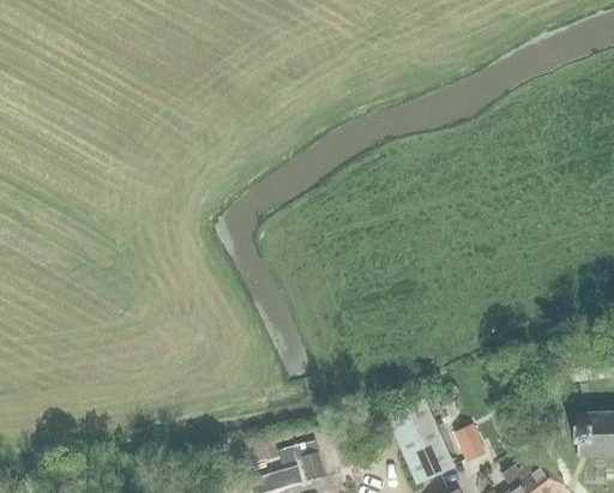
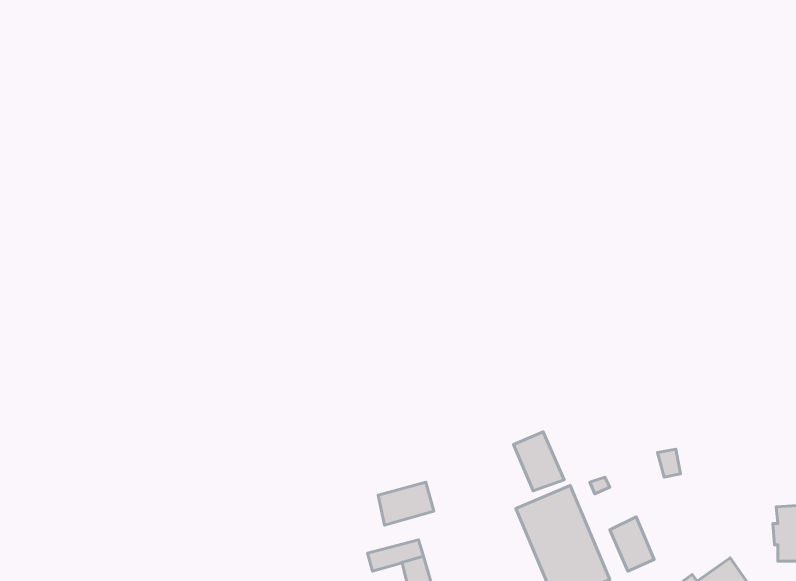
building: none -> [514,432,564,491]
building: none -> [378,482,434,525]

